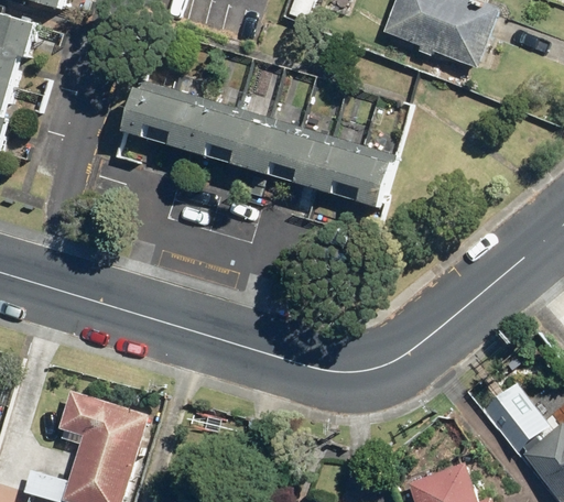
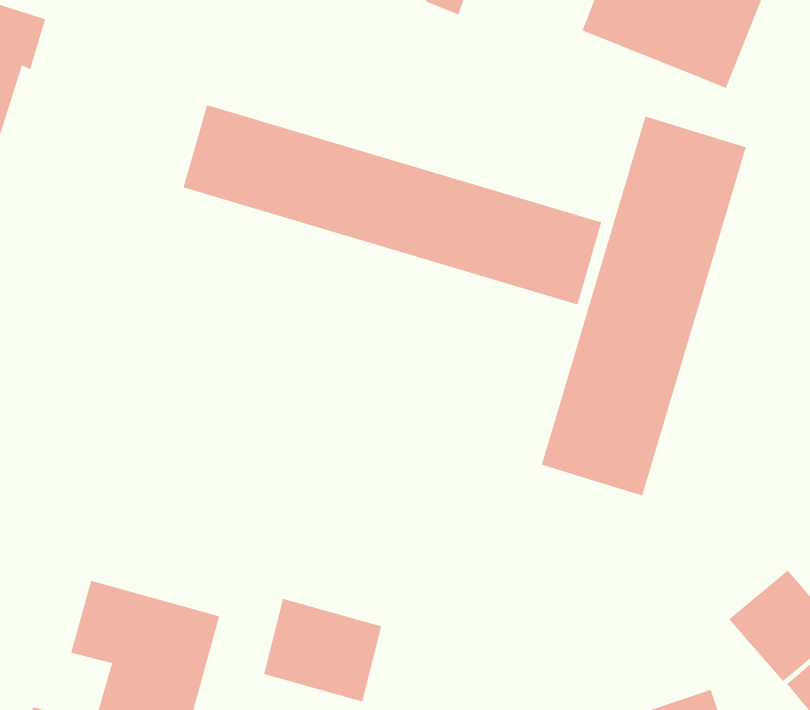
building: none -> [541,116,747,496]
building: none -> [263,598,382,702]

